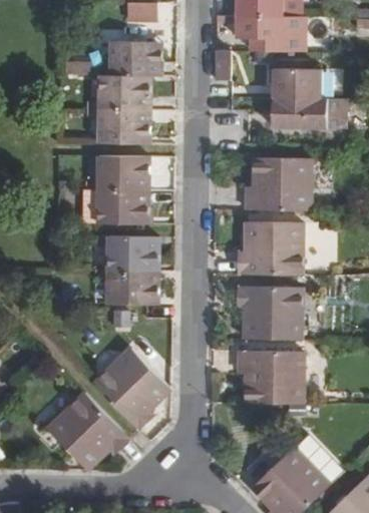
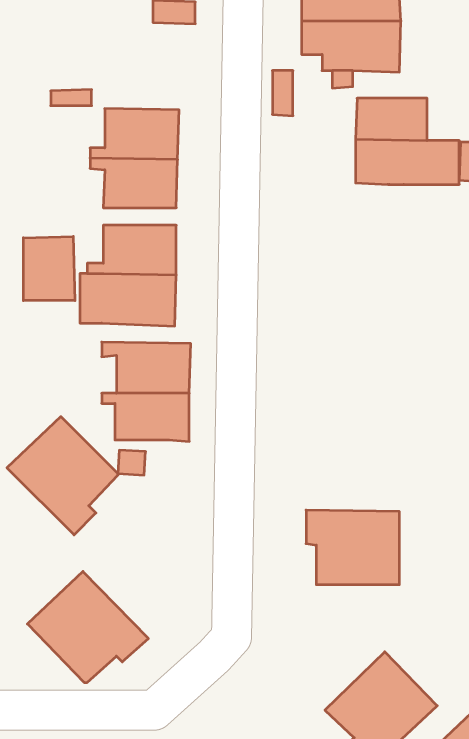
building: [99,42,160,76] -> none
building: [244,157,310,209] -> none
building: none -> [23,236,75,301]
building: [236,222,302,274] -> none
building: [236,286,301,339] -> none
building: [93,349,169,430] -> [7,417,118,535]

